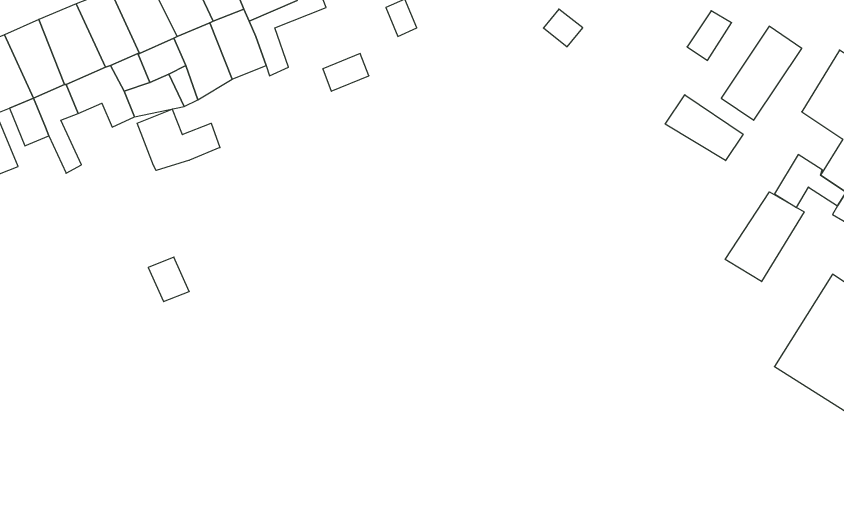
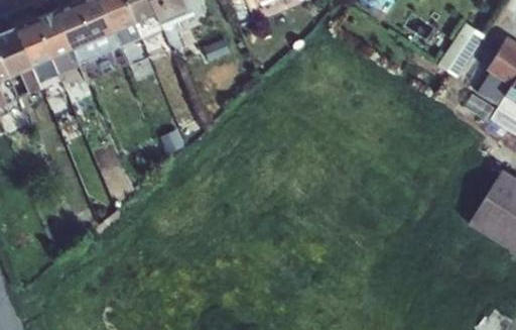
building: [665,95,743,161] -> none
building: [137,109,220,170] -> none
building: [725,192,804,282] -> none

